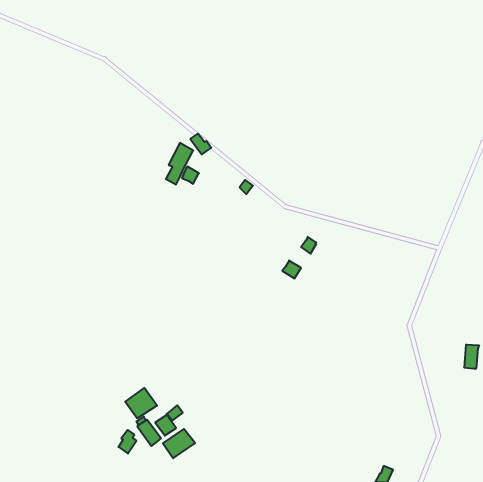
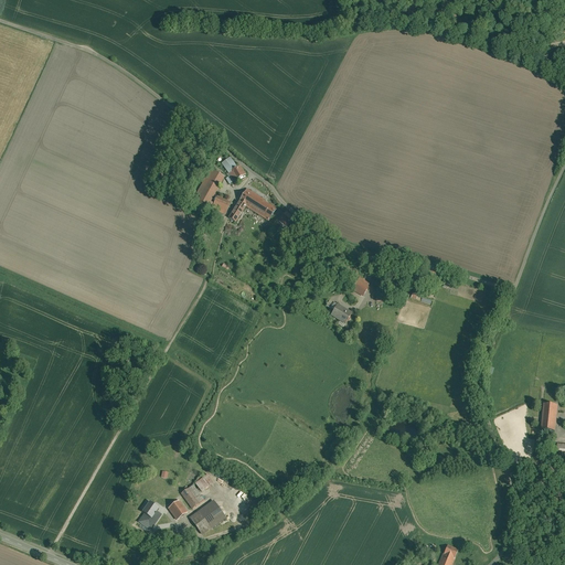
building: none -> [230,186,276,221]
building: [125,388,157,418] -> none

